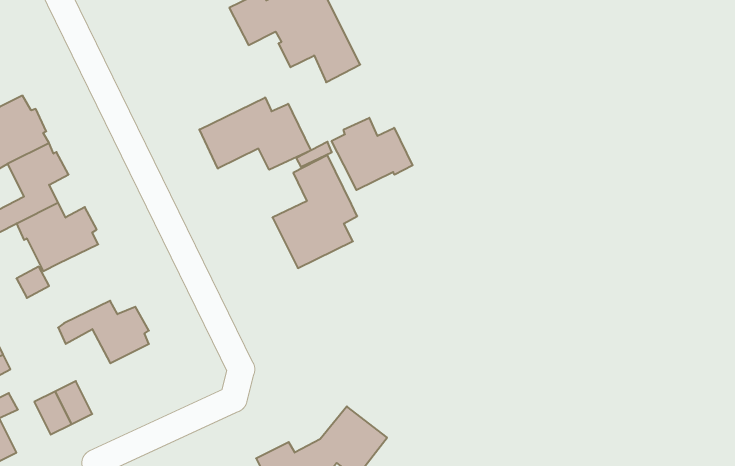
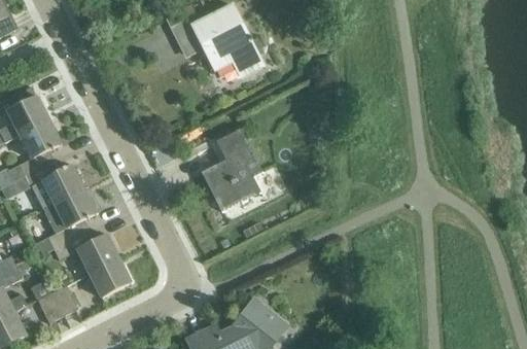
building: [199,97,311,170] -> none
building: [332,118,413,190] -> none
building: none -> [48,191,96,249]
building: none -> [90,260,131,296]

